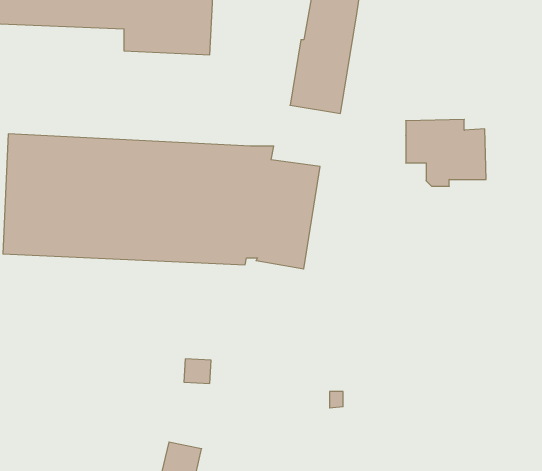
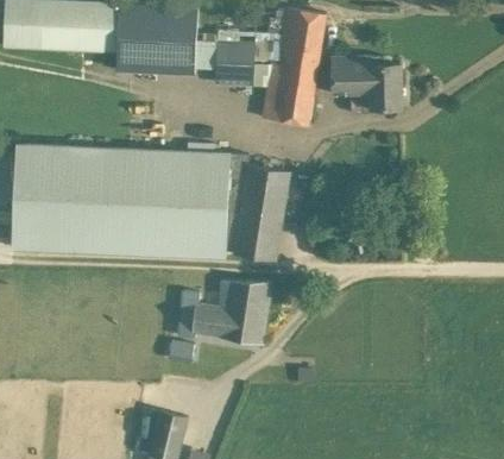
building: none -> [213,42,270,84]
building: [406,119,486,186] -> [332,56,402,114]
building: none -> [175,282,270,342]

